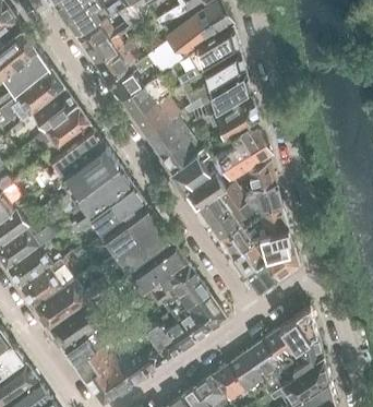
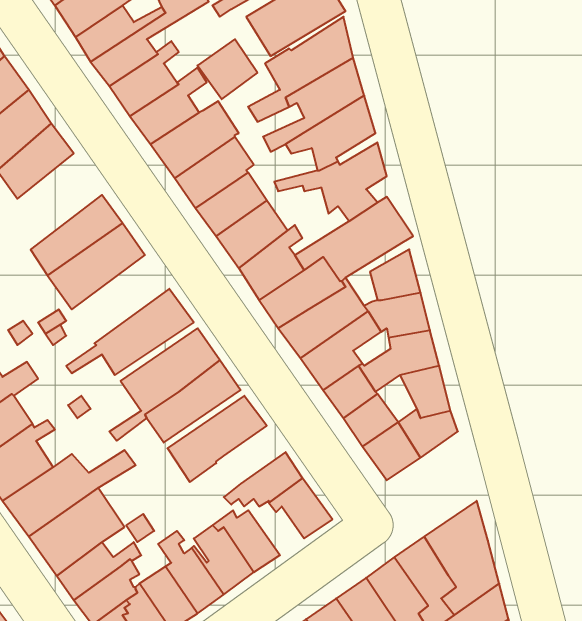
building: [41,105,88,151] -> none
building: [75,167,130,215] -> none
building: [155,263,197,307] -> none
building: [166,306,208,338] -> none

